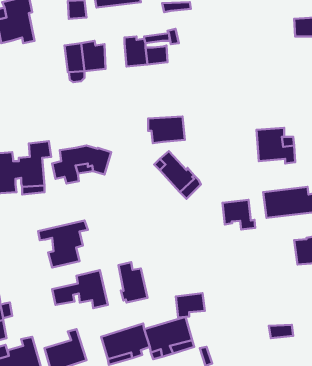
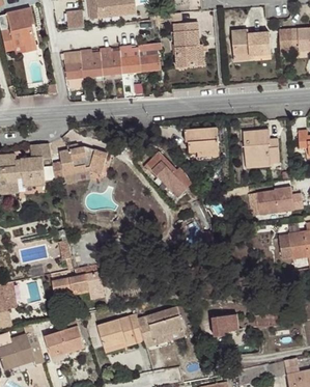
building: none -> [173,23,199,67]
building: none -> [231,30,270,56]
building: none -> [100,48,121,76]
building: [148,116,185,143] -> [185,128,219,153]
building: [222,200,255,230] -> none
building: [38,221,88,267] -> none
building: [118,262,148,302] -> none
building: [176,293,205,318] -> [212,313,238,336]

